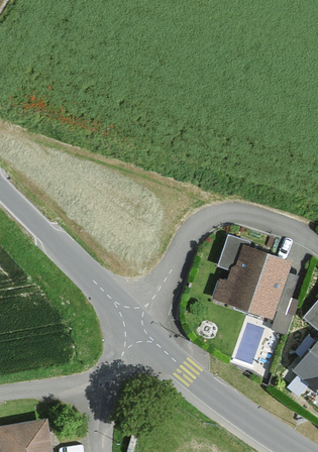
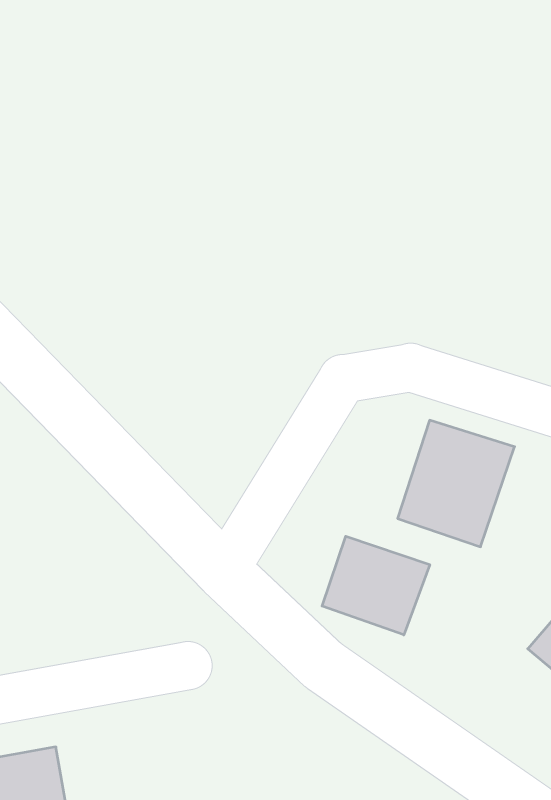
building: none -> [322,536,430,635]

